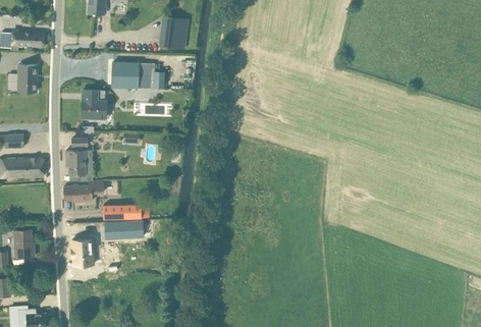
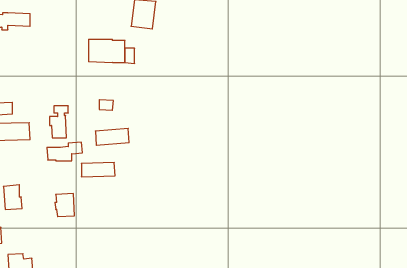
building: [17,65,37,92] -> none
building: [82,91,105,119] -> none
building: [105,220,144,239] -> [95,128,129,145]

